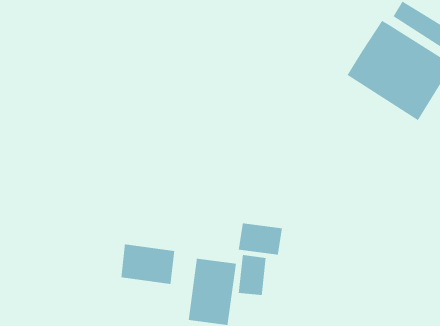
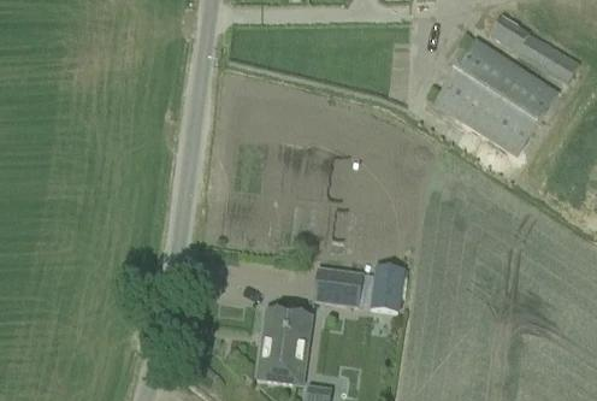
building: [120,243,175,285] -> none
building: [238,254,267,296] -> [371,264,403,311]

